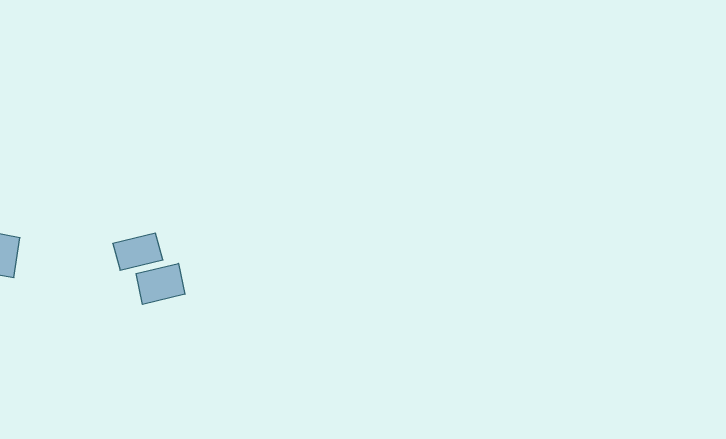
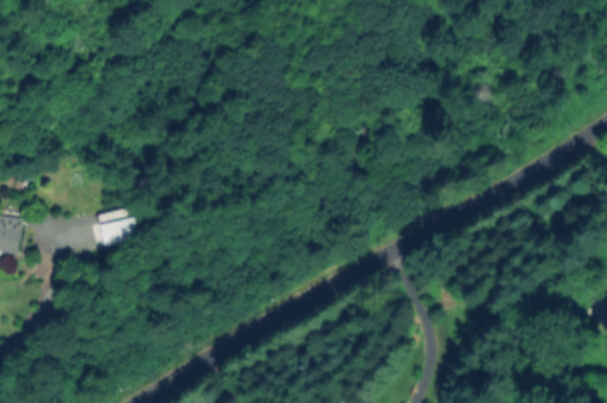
building: [136,263,185,304] -> none

